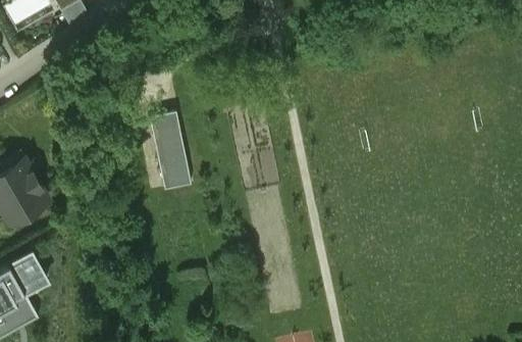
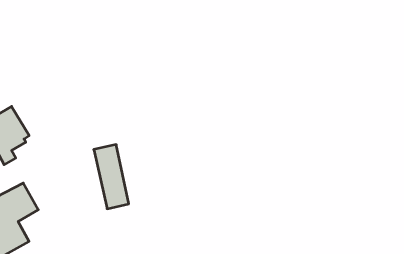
building: [148,113,191,192] -> [94,145,129,209]

